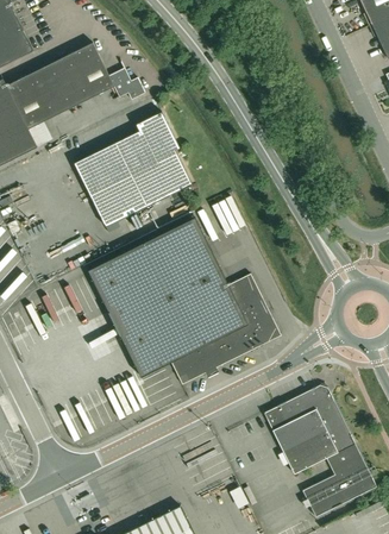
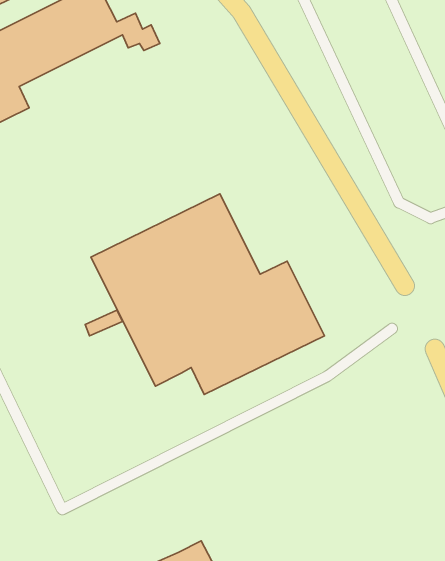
building: [74,112,193,227] -> none
building: [264,382,377,516] -> none

